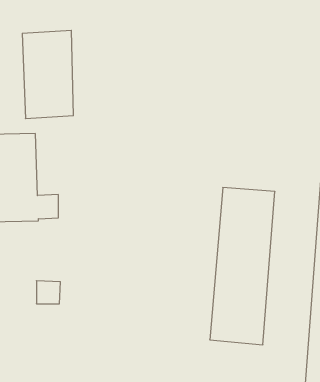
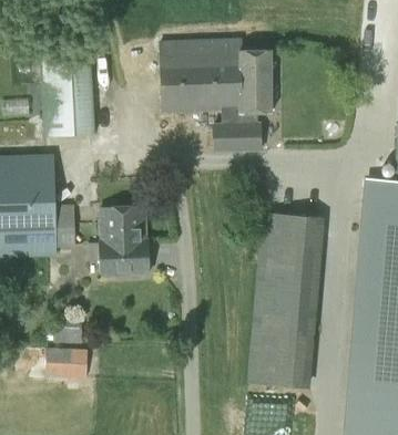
building: none -> [160,40,275,153]
building: none -> [101,204,154,273]
building: none -> [45,348,86,379]

